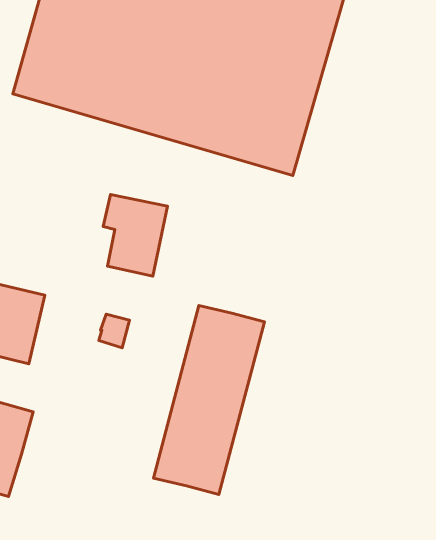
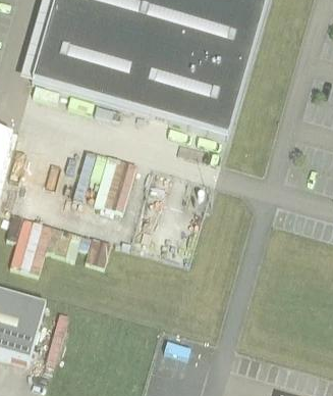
building: [154,306,264,495] -> none

